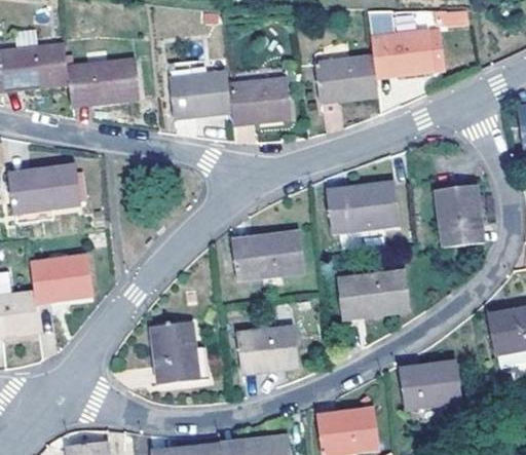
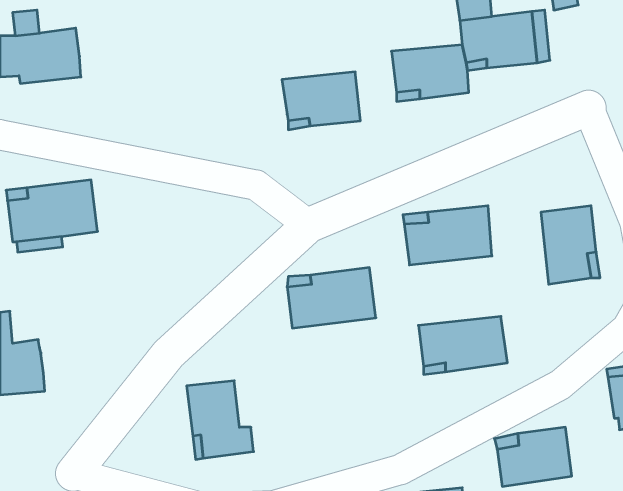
building: [68,56,142,102] -> none
building: [171,70,233,114] -> none
building: [31,253,93,298] -> none
building: [238,327,297,370] -> none

